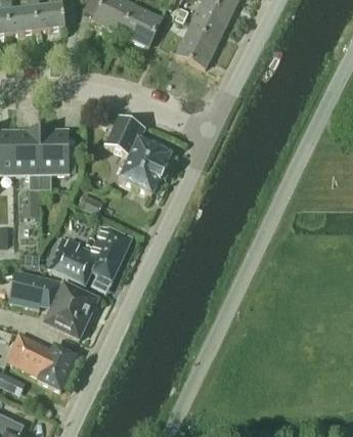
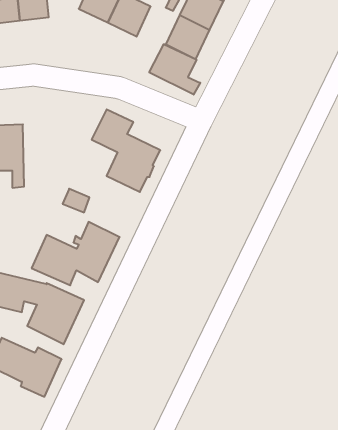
building: none -> [149,44,200,95]
building: [40,130,69,189] -> none

